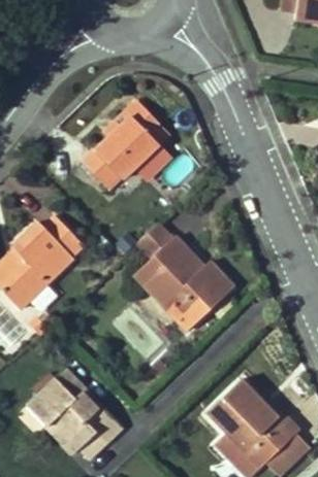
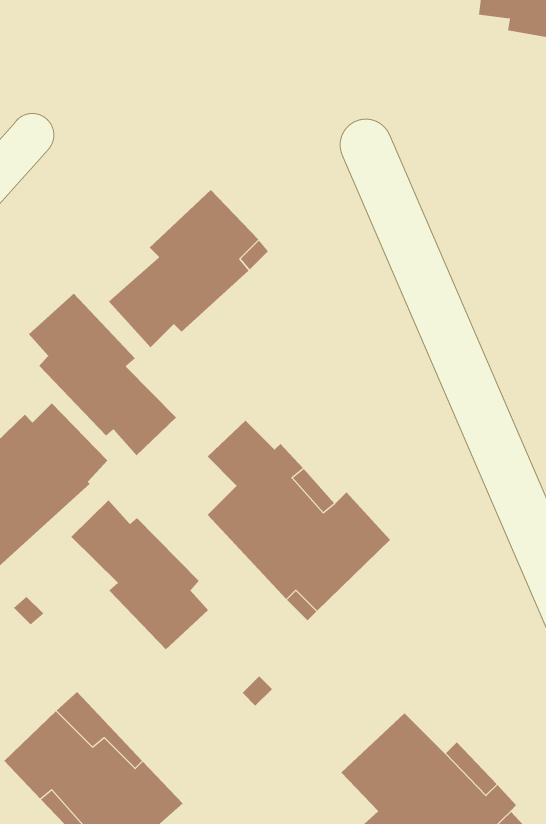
building: none -> [28,293,177,456]
building: none -> [71,500,209,650]

